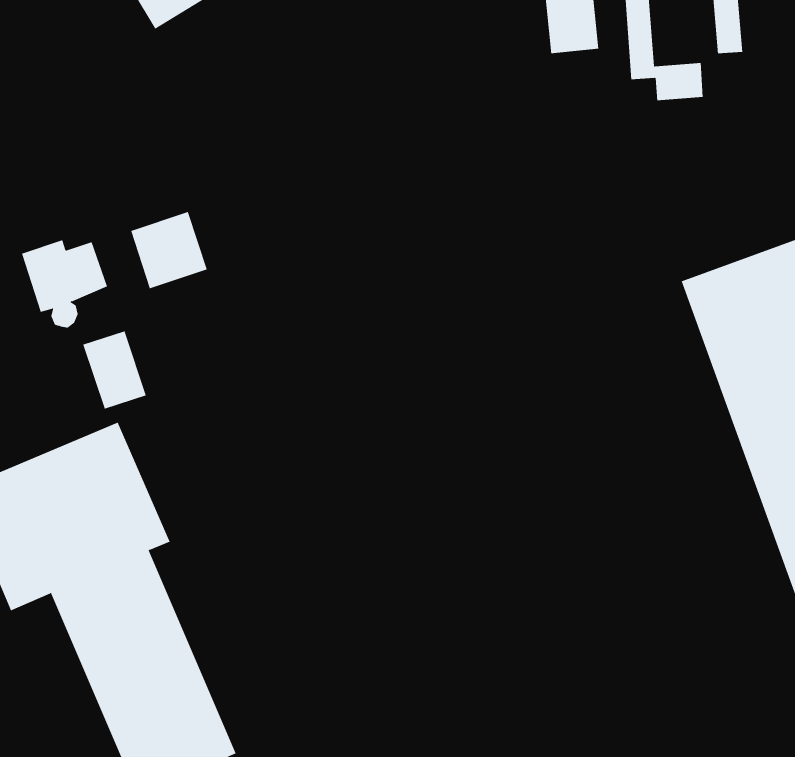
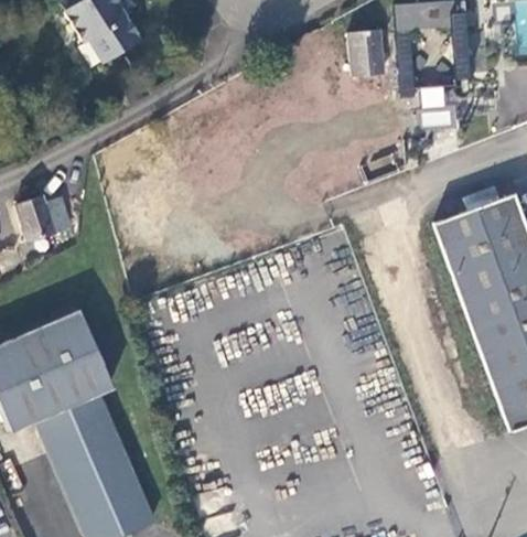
building: [130,211,207,289] -> none
building: [83,330,147,409] -> none

